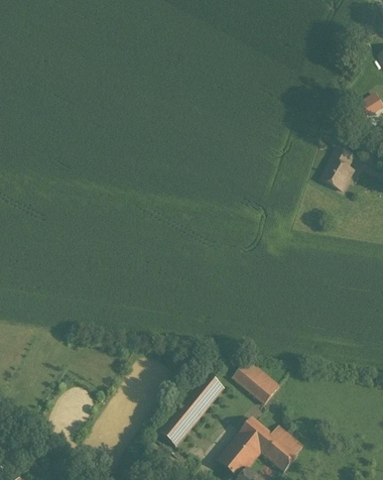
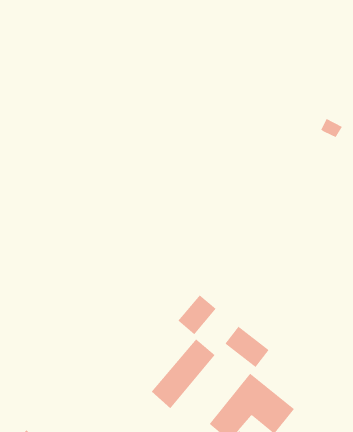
building: [322,160,353,190] -> none
building: none -> [177,294,217,335]

